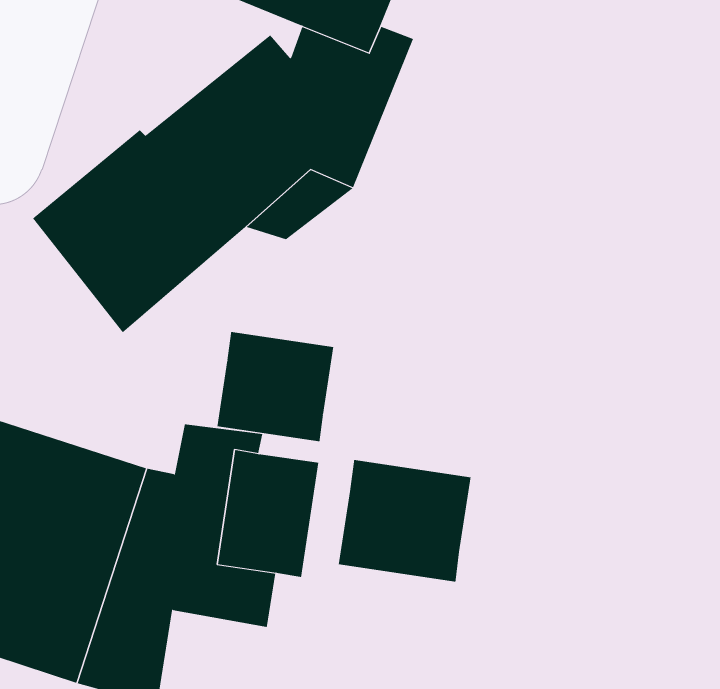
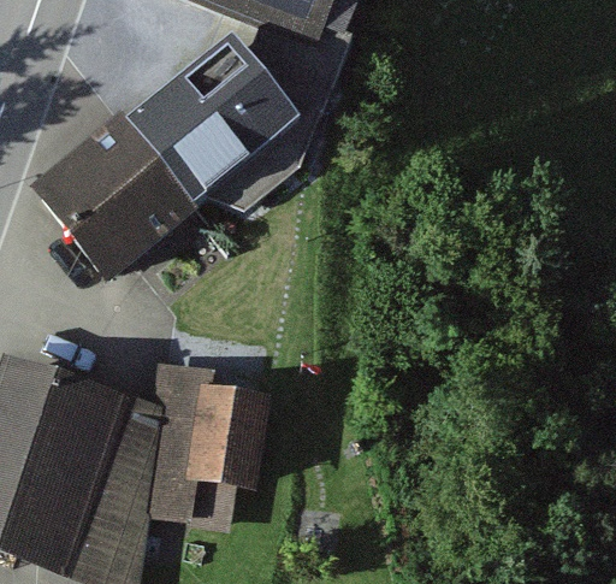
building: [217,331,334,442] -> none
building: [338,459,471,583] -> none

